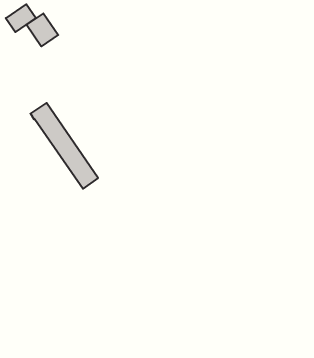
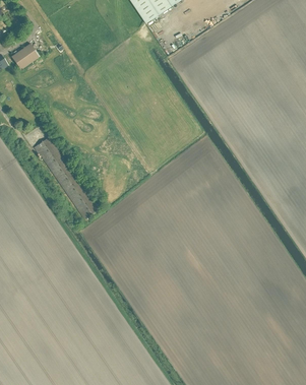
building: [27,13,58,46] -> none

